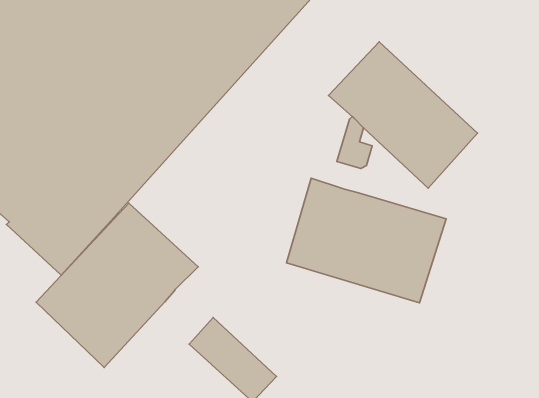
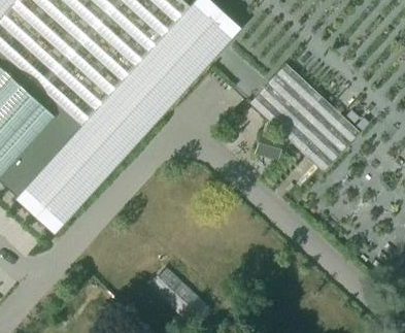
building: [287,178,446,303] -> none
building: [36,203,198,367] -> none

